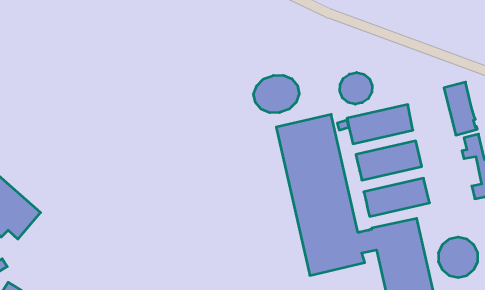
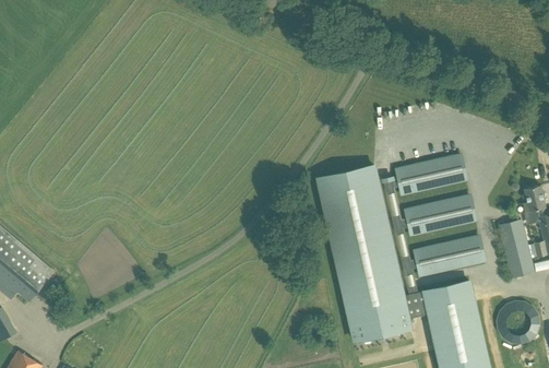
building: [340,72,372,104] -> none
building: [254,75,299,113] -> none
building: [444,82,477,135] -> [498,219,535,278]

